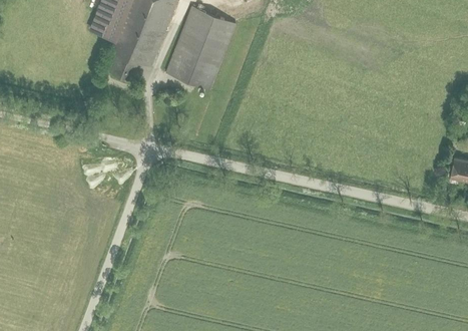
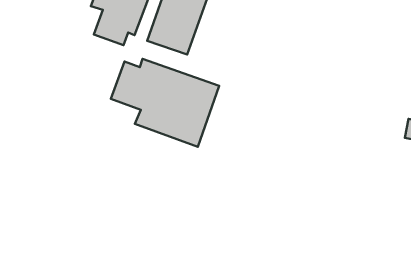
building: none -> [111,59,219,147]

